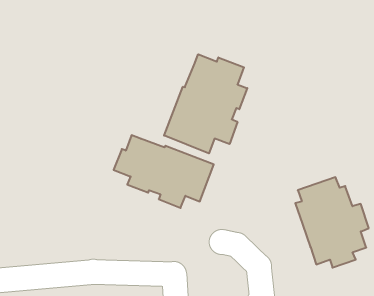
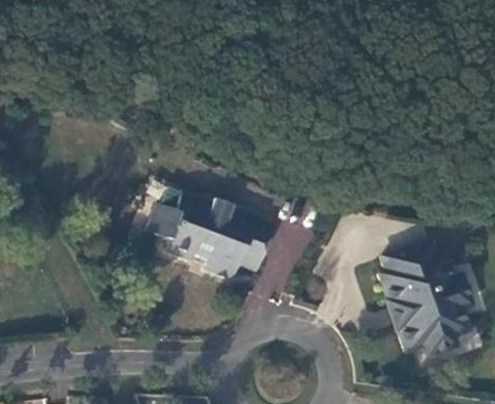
building: [164,54,247,153] -> none

